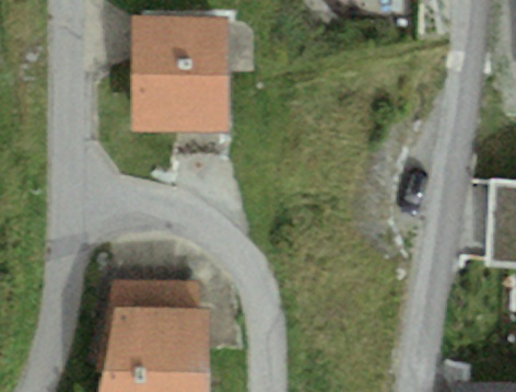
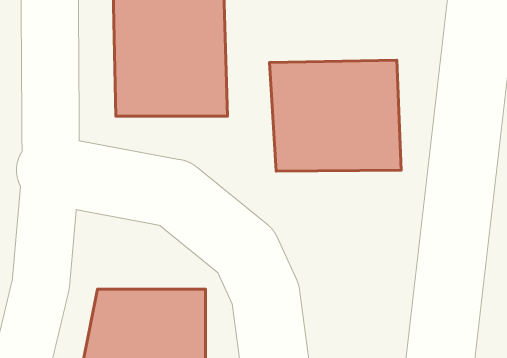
building: none -> [270,60,401,171]

